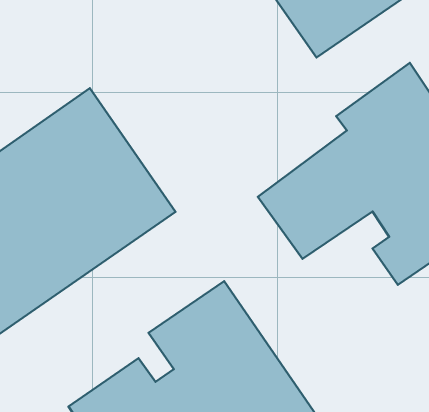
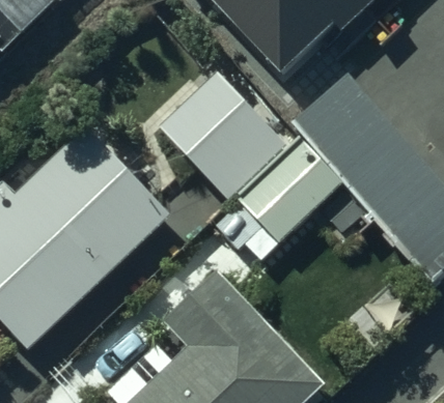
building: none -> [161,70,289,199]

